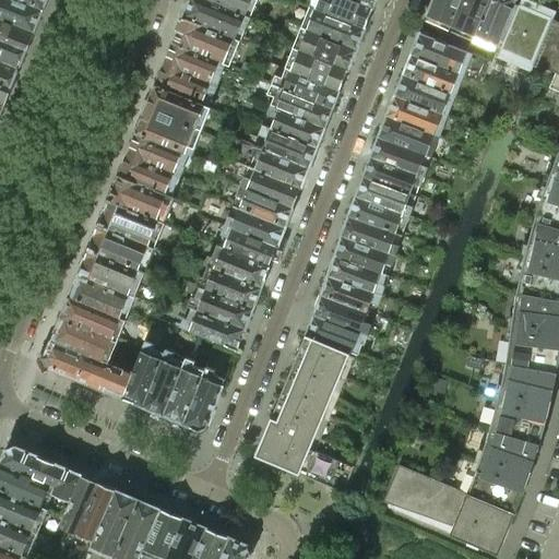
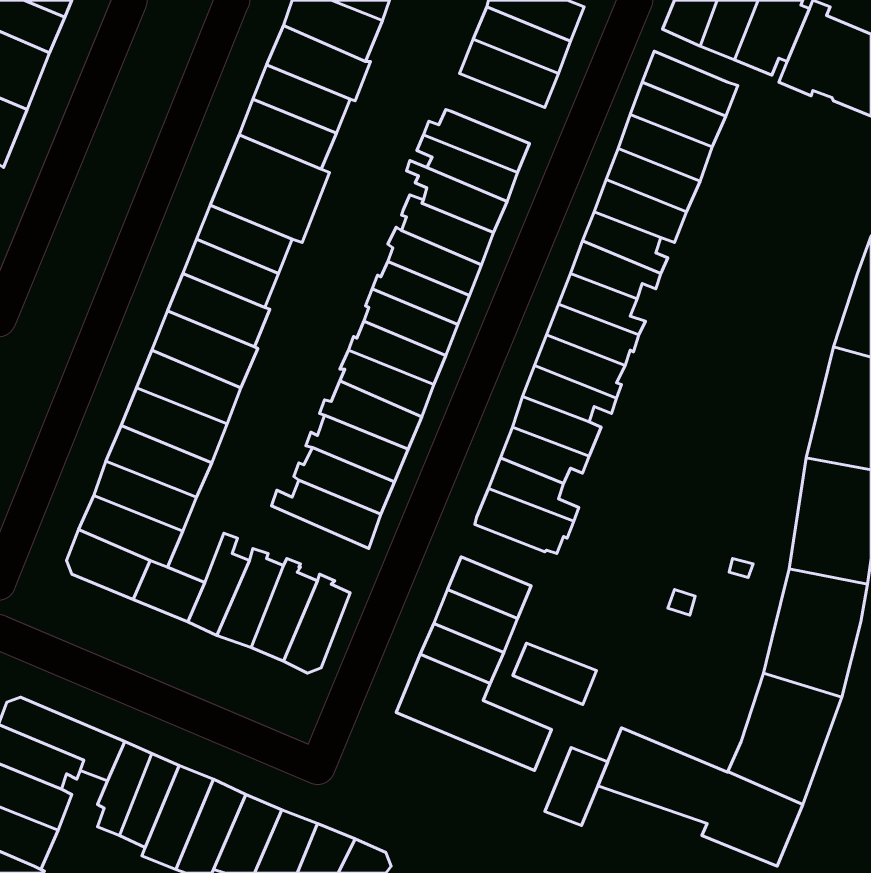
building: [285,47,348,92] -> none
building: [295,335,348,374] -> [513,643,596,705]
building: none -> [545,748,608,826]

